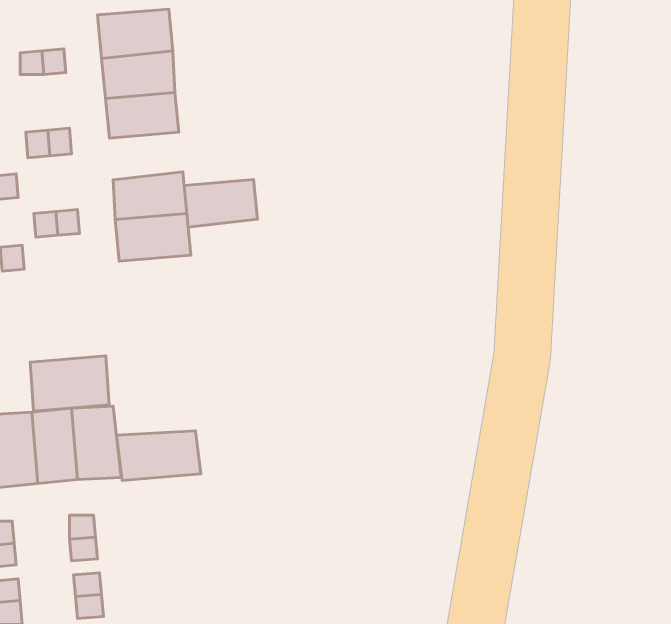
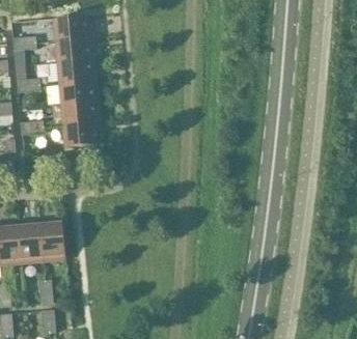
building: [184,179,258,227] -> [58,79,97,104]
building: [30,356,109,411] -> none
building: [117,431,201,480] -> none

